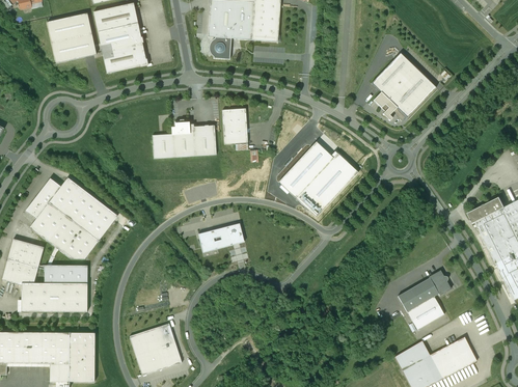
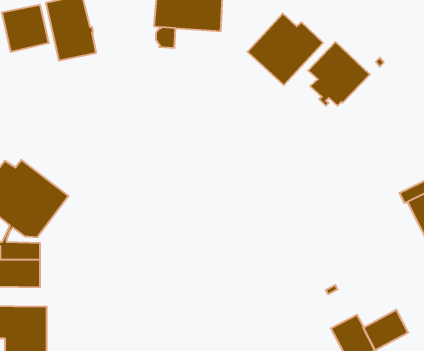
building: [222,108,247,144] -> none
building: [152,121,216,159] -> none
building: [278,141,358,217] -> [247,13,323,85]
building: [198,223,244,252] -> none
building: [398,270,451,329] -> none
building: [130,323,182,376] -> none

